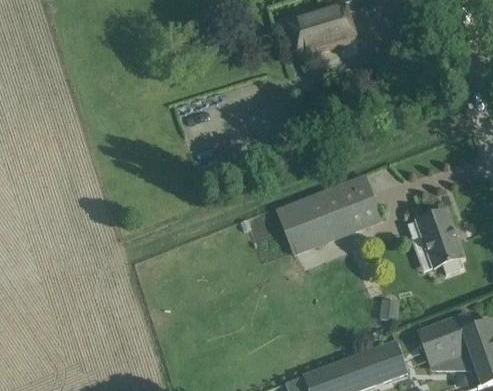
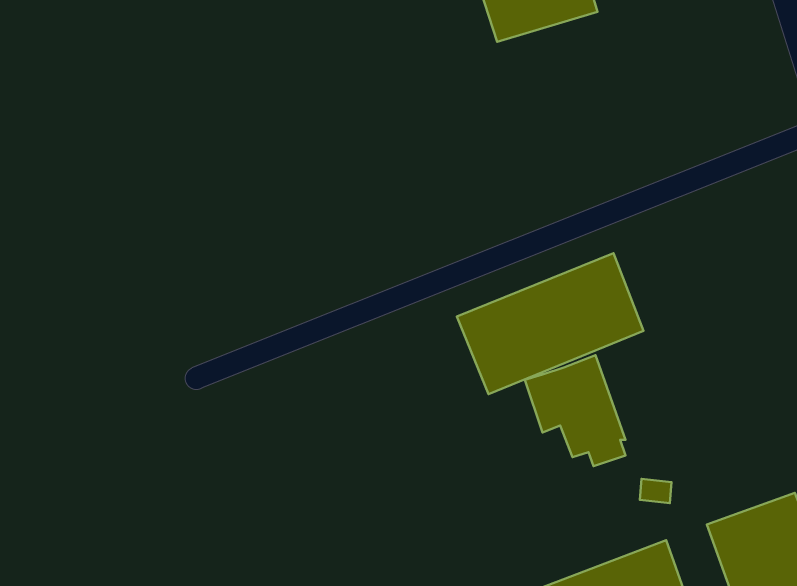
building: [406,208,463,271] -> [525,355,625,466]

